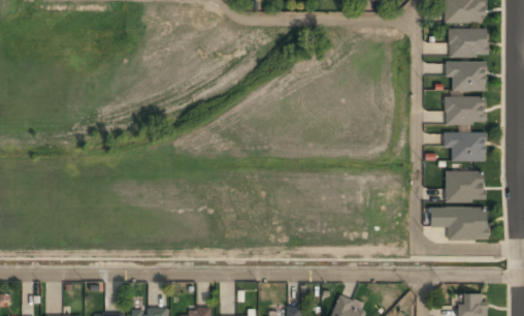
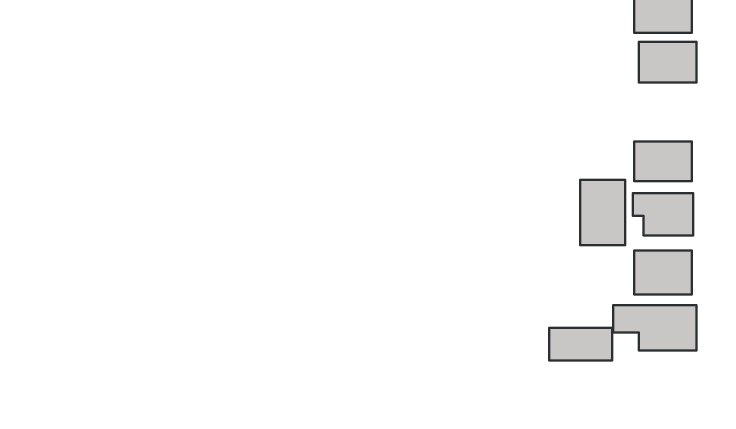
building: [445,62,485,91] -> none
building: none -> [580,180,625,245]
building: none -> [549,328,612,360]

